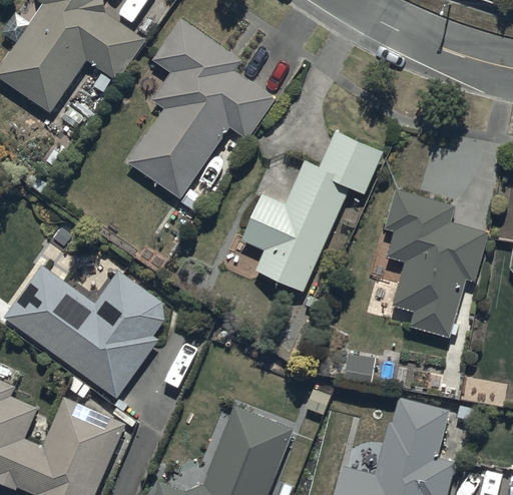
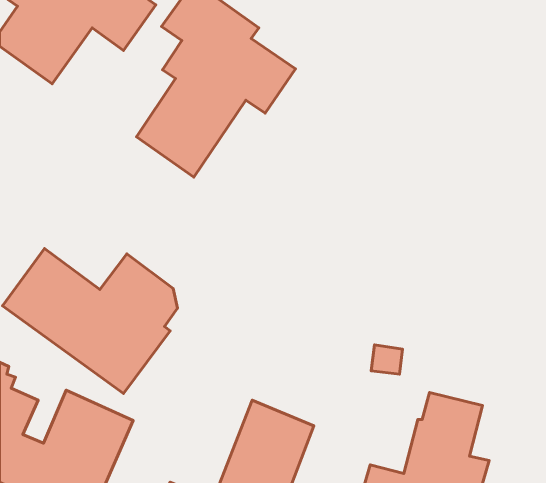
building: [239,131,382,291] -> none
building: [386,188,487,338] -> none

